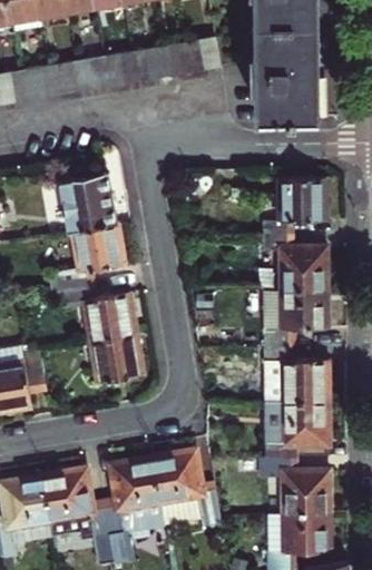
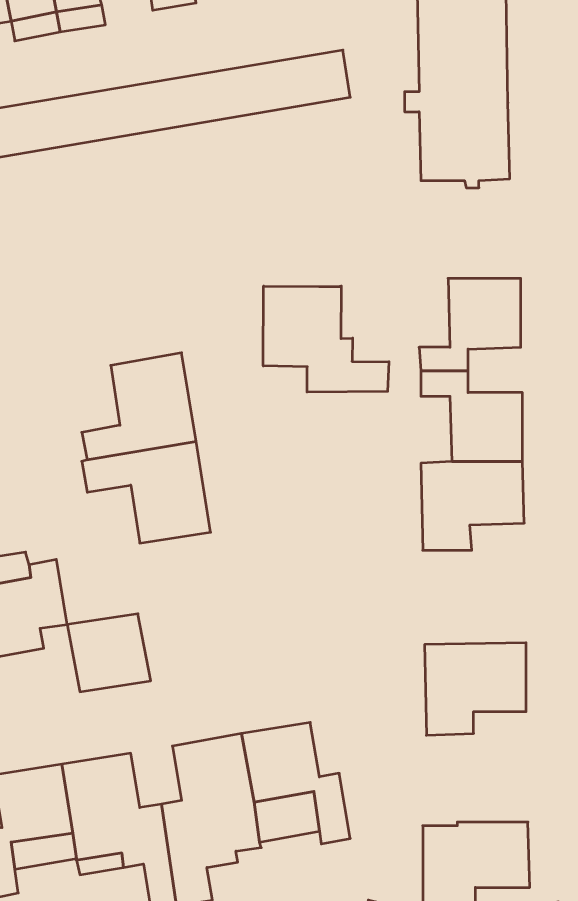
building: [61,173,116,229] -> none
building: none -> [263,286,389,392]
building: [90,332,141,380] -> [67,614,151,692]
building: [264,343,327,401] -> none
building: [260,455,329,510] -> none

